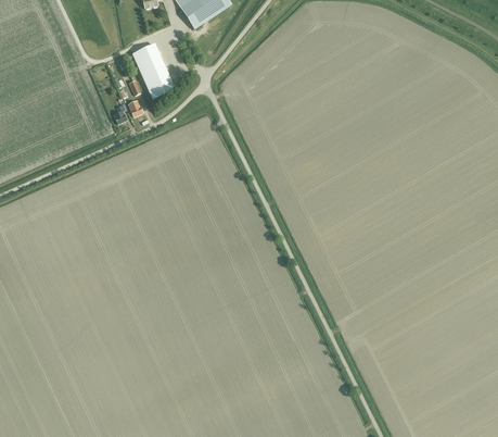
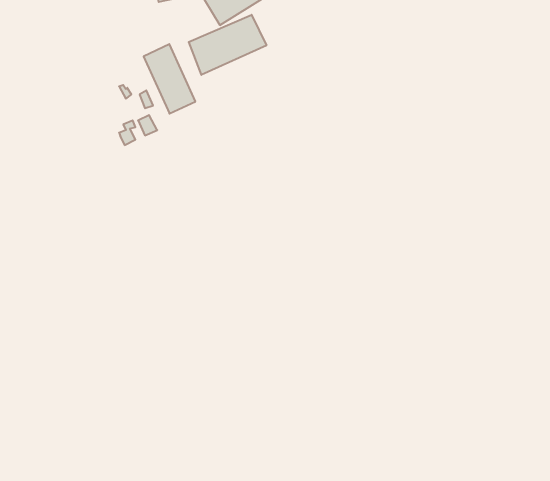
building: none -> [189,15,266,75]

